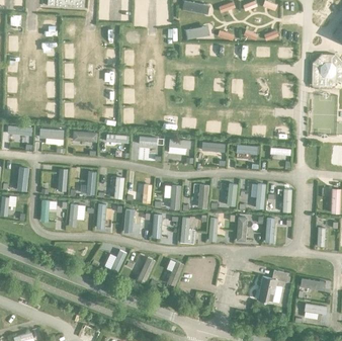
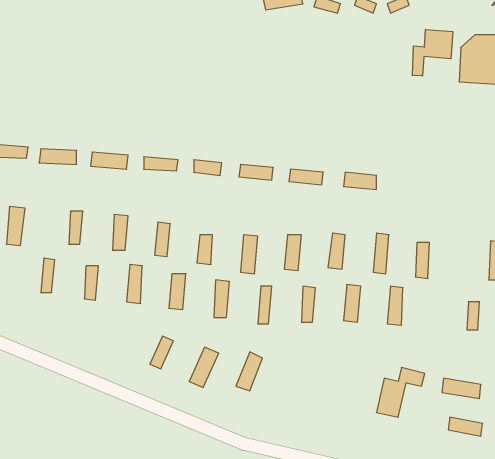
building: none -> [412,29,453,76]

